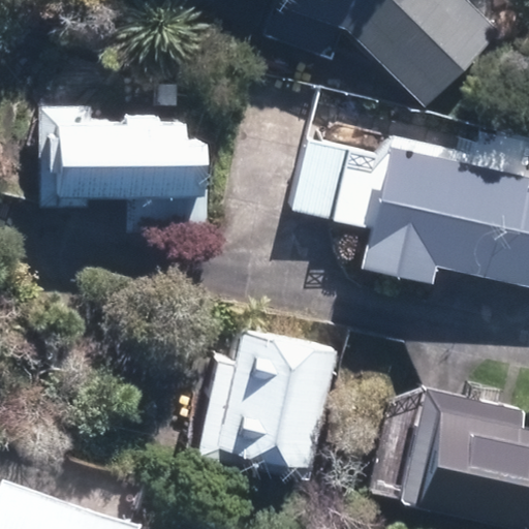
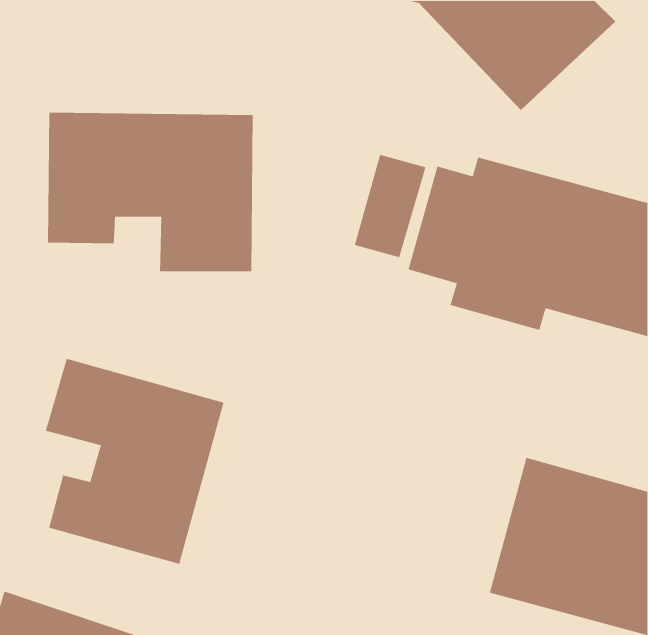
building: none -> [45,358,225,565]
building: [193,326,346,483] -> none

